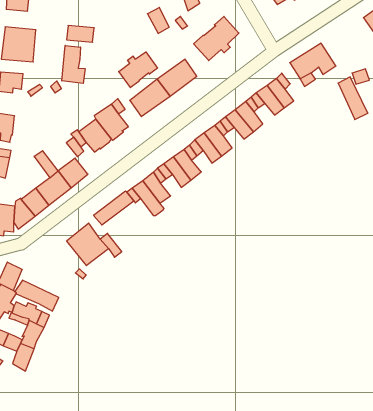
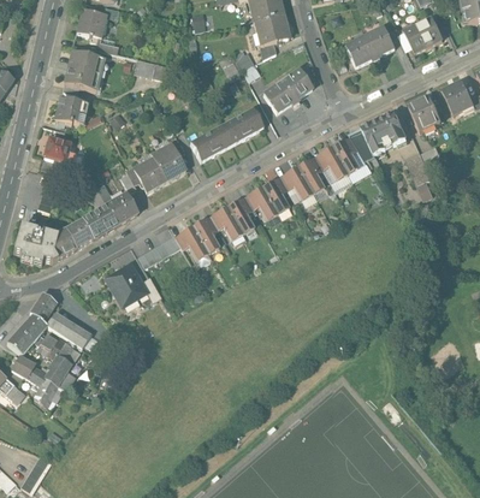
building: none -> [408,95,439,129]
building: [62,45,85,83] -> none
building: [119,52,158,88] -> none

